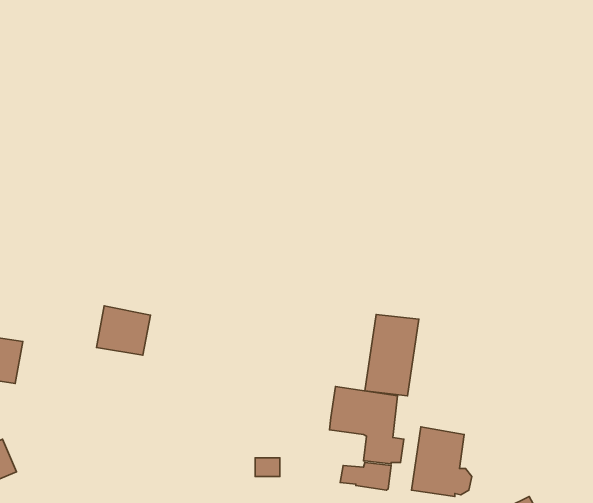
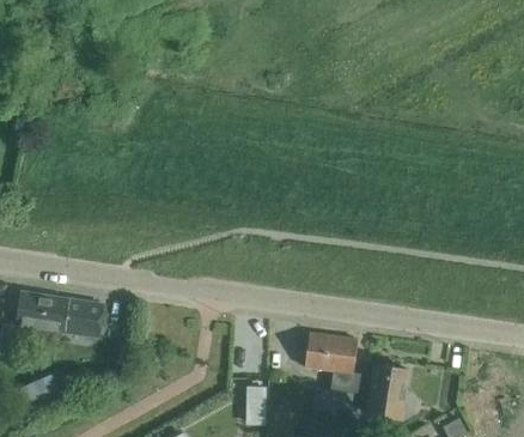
building: [96,306,151,355] -> [61,298,103,336]
building: [365,315,419,396] -> none

